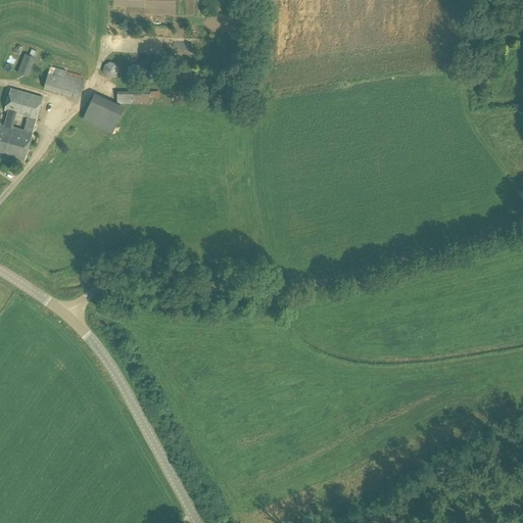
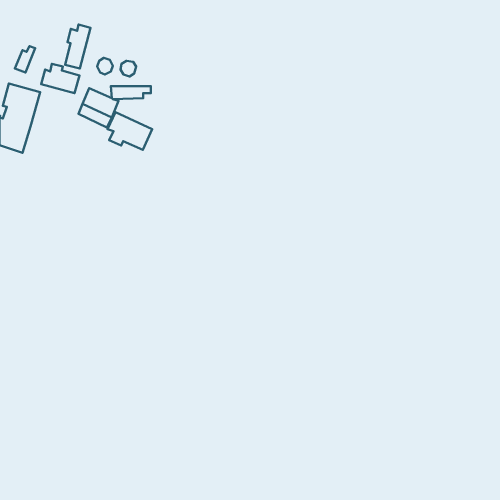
building: none -> [65,25,91,68]
building: none -> [108,112,152,150]

